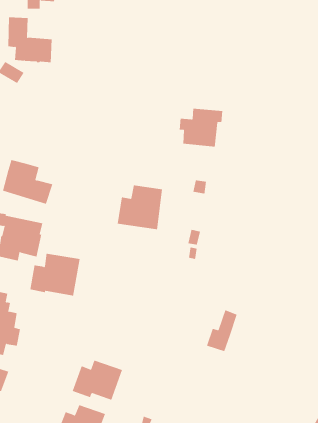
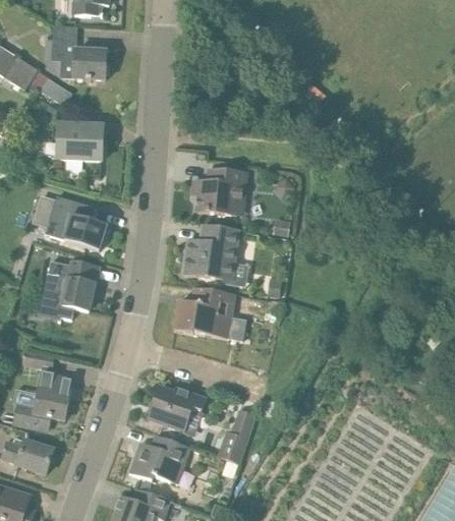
building: none -> [56,123,103,160]
building: [179,108,223,147] -> [192,168,245,215]
building: [30,253,81,296] -> [174,286,235,338]
building: [206,309,237,352] -> [217,410,254,461]
building: none -> [149,386,206,431]

